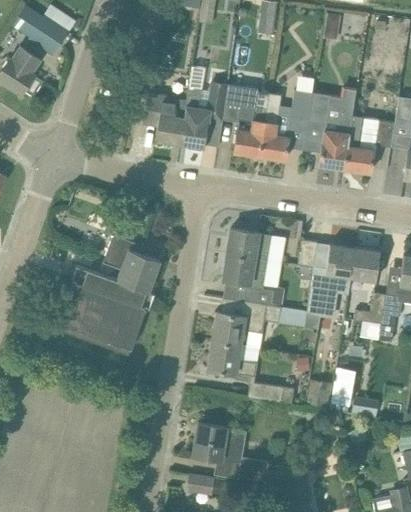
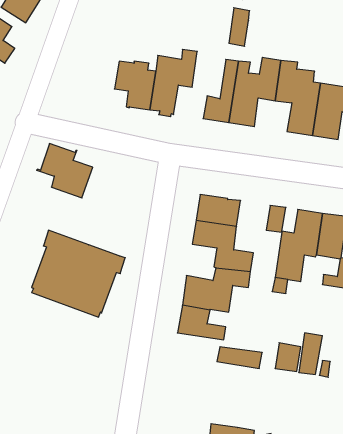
building: [223,84,244,123] -> [229,8,250,46]
building: [103,236,160,291] -> [37,144,93,198]
building: [194,423,242,461] -> none

